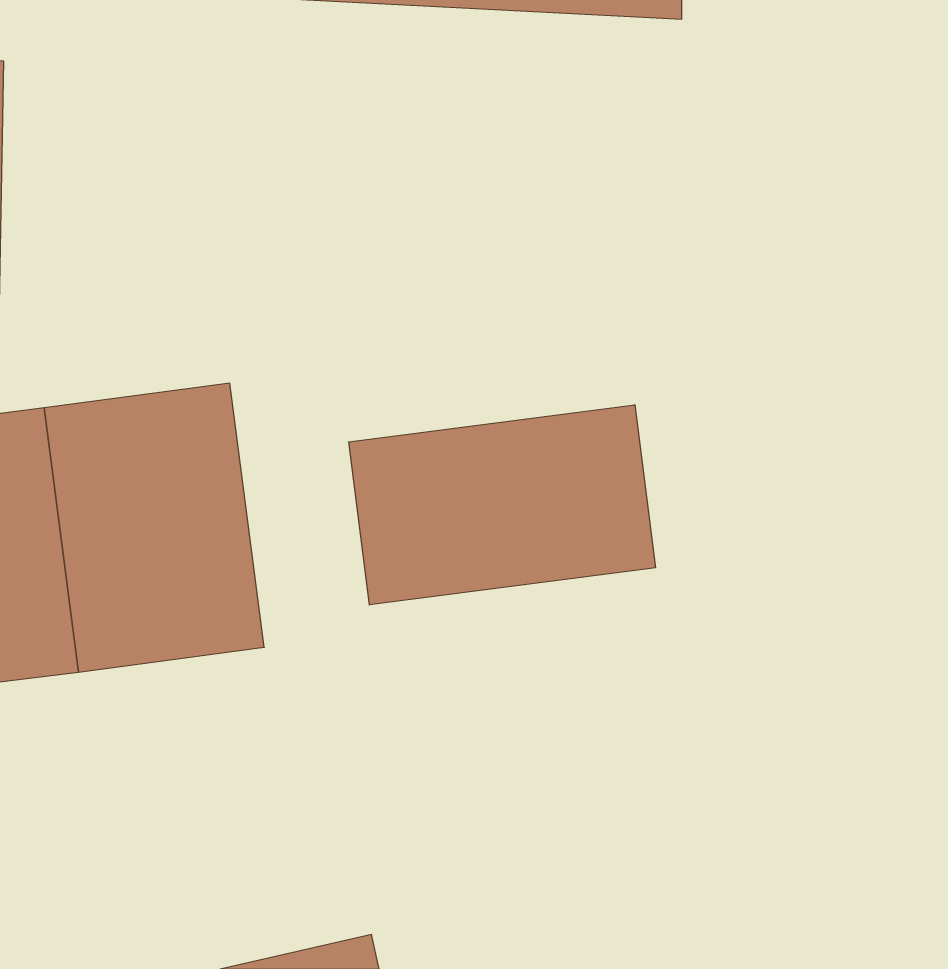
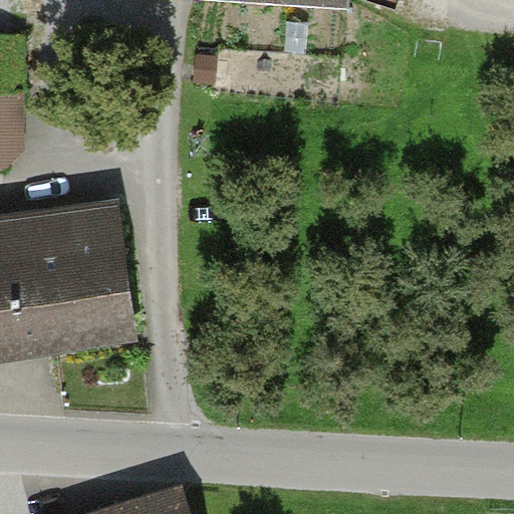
building: [349,405,655,605] -> none

